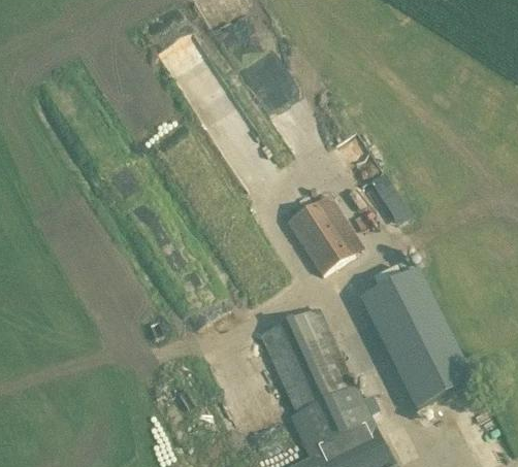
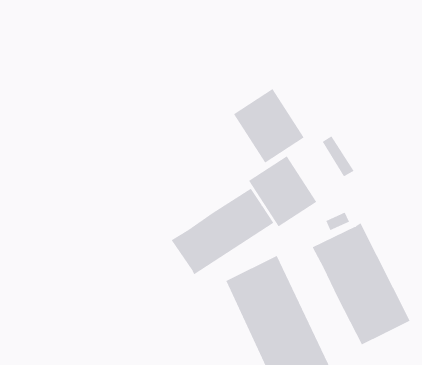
building: none -> [233,88,305,163]
building: none -> [171,188,274,275]

